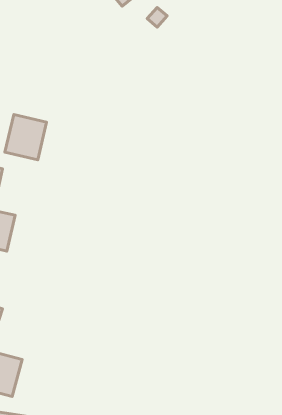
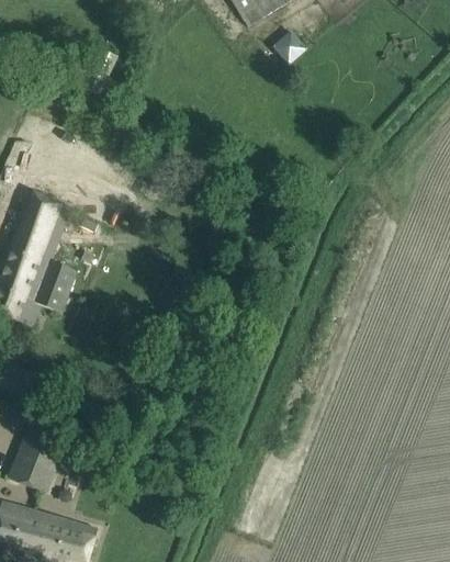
building: [5,114,47,160] -> none

